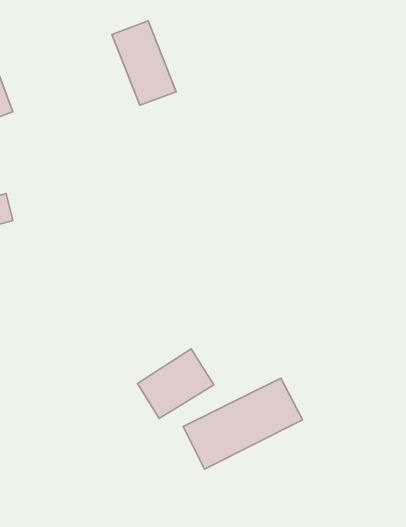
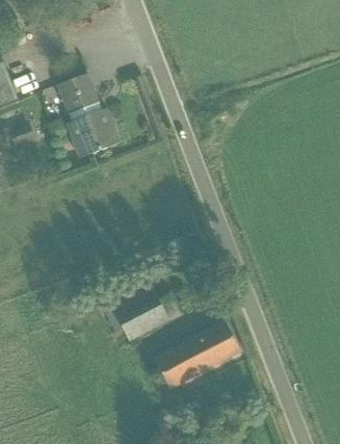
building: [112,21,176,105] -> [61,82,111,148]

